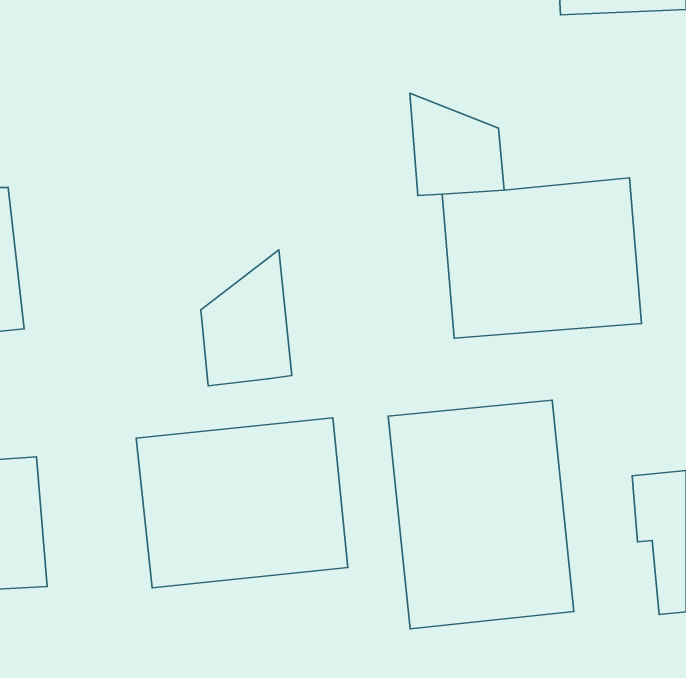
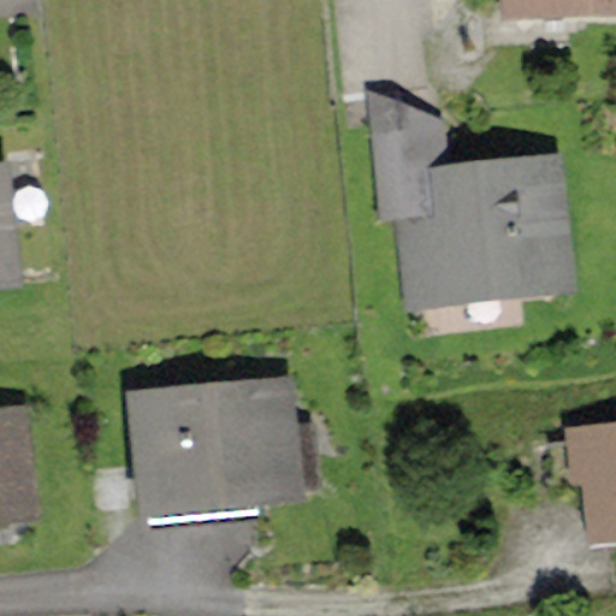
building: [201,250,292,386] -> none
building: [388,400,574,629] -> none

